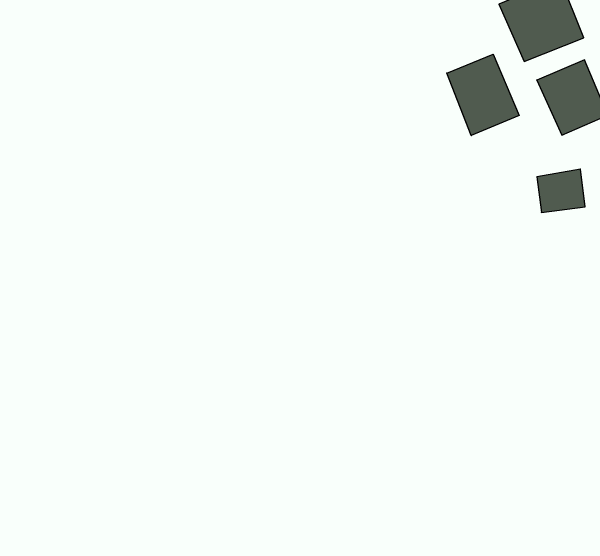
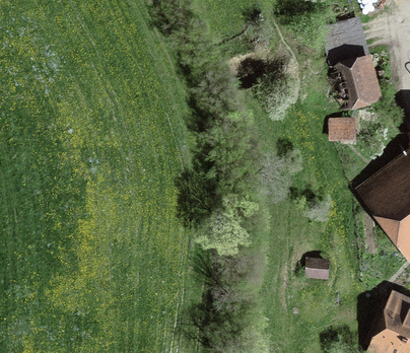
building: [447,54,519,136] -> none

